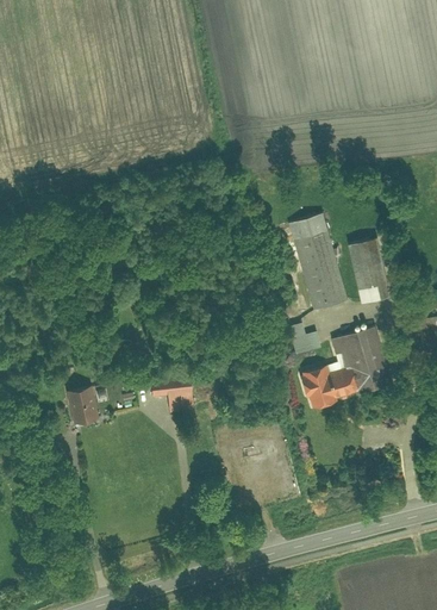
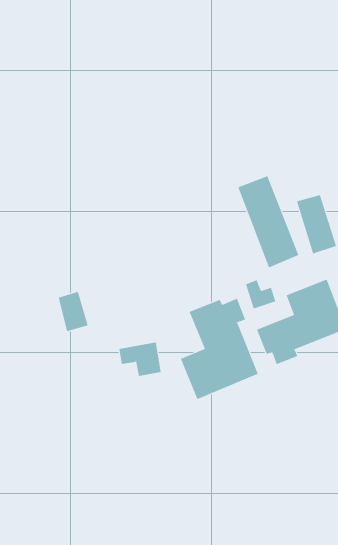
building: none -> [180,298,258,400]
building: [63,384,93,425] -> [58,291,89,332]

